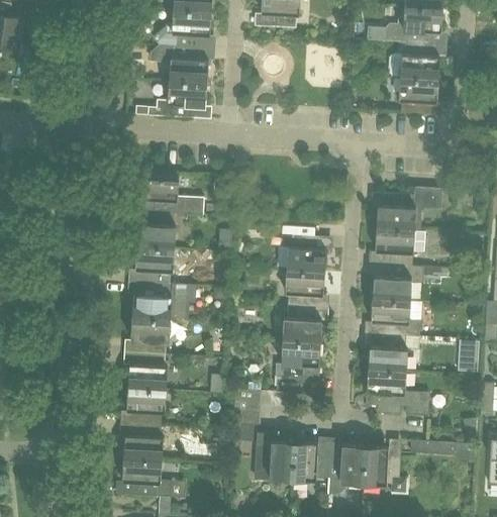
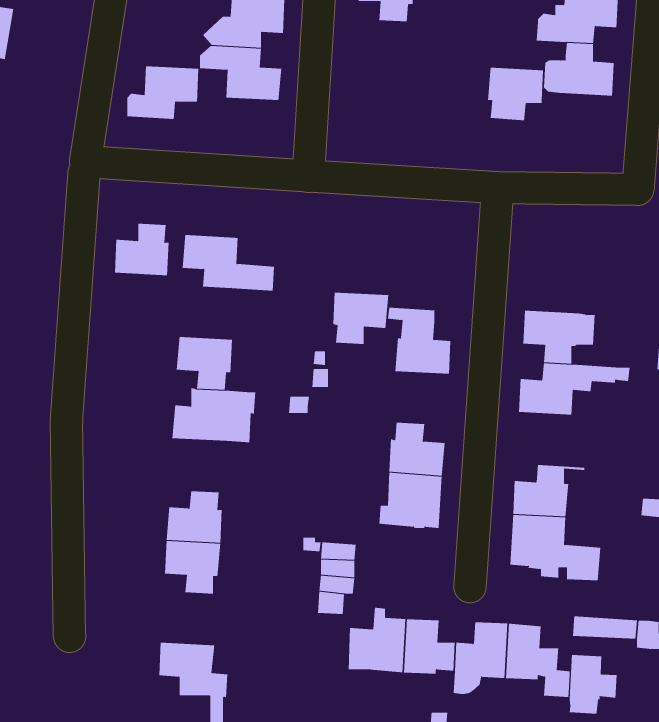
building: [399,77,438,114] -> [487,67,544,121]
building: [157,80,207,117] -> [126,66,199,120]
building: [377,186,442,230] -> none
building: [137,211,176,247] -> [114,223,169,276]
building: [286,270,325,306] -> [332,292,389,344]
building: [372,298,420,336] -> none
building: [131,316,171,353] -> none
building: [124,423,164,459] -> none
building: none -> [569,654,617,714]

